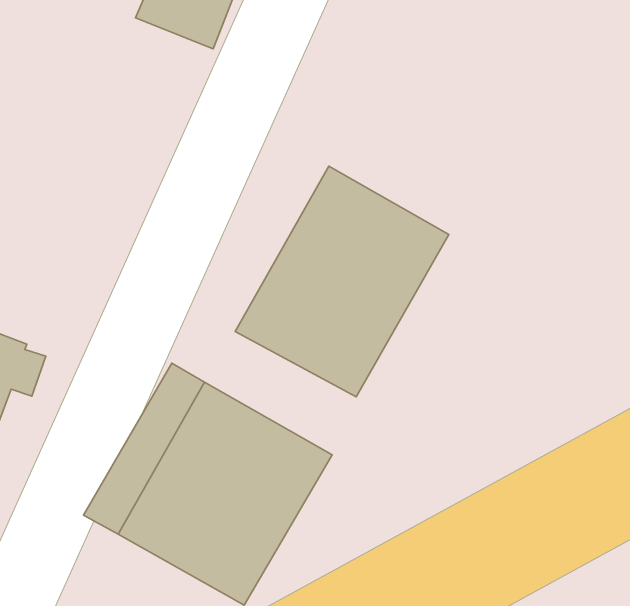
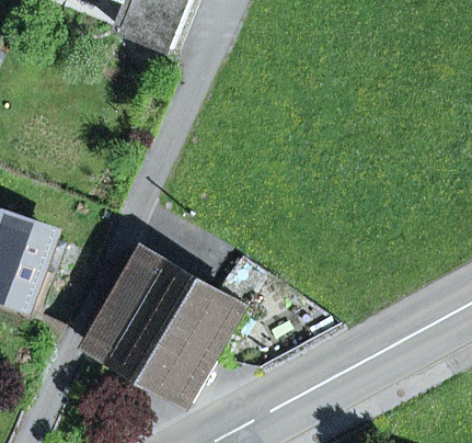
building: [235,166,449,397] -> none

